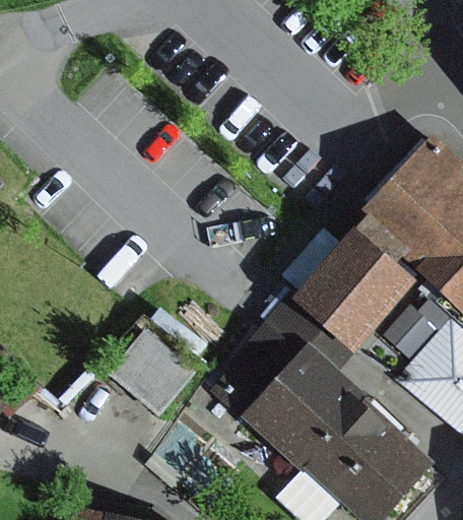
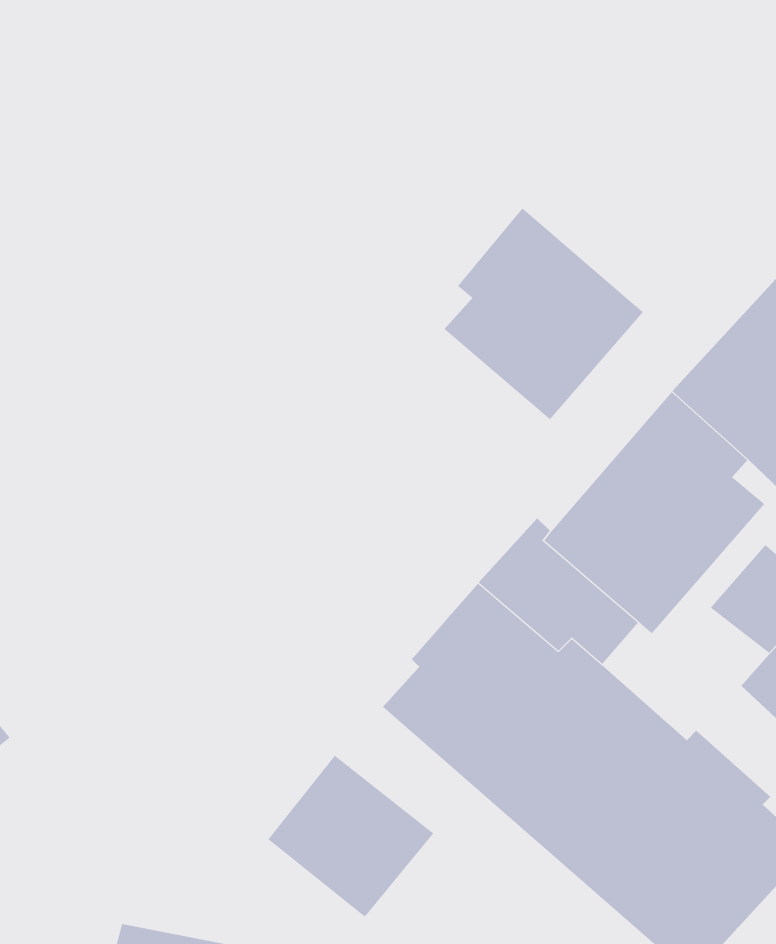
building: none -> [444,207,643,420]
building: [107,329,195,415] -> [268,755,434,918]

